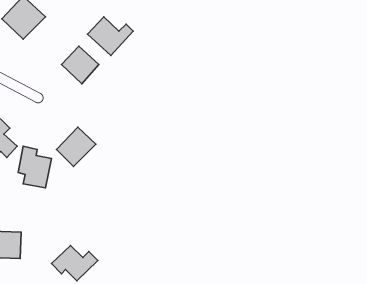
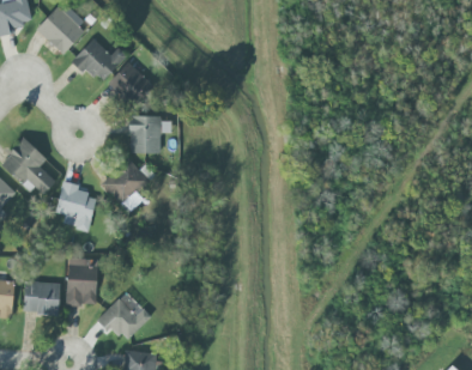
building: [88,17,133,55] -> [73,38,127,84]
building: none -> [128,115,162,153]
building: none -> [66,259,97,305]

